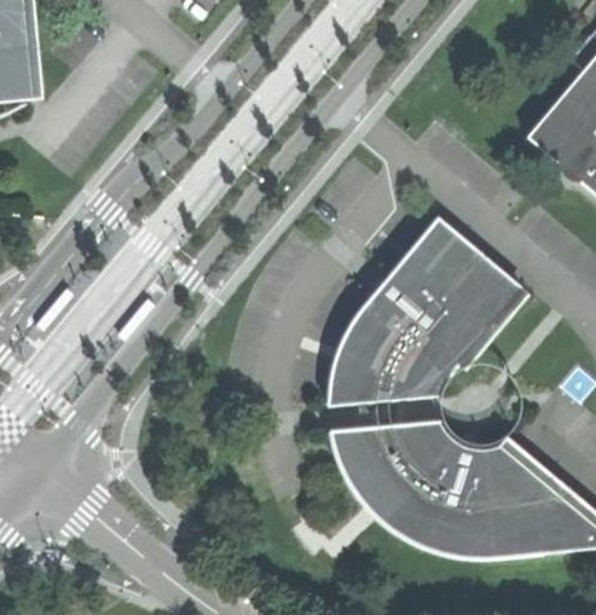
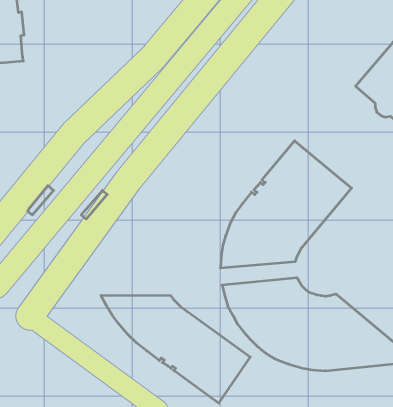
building: none -> [101,295,250,403]

